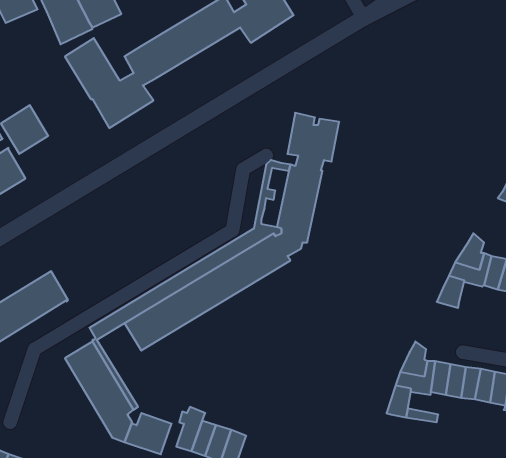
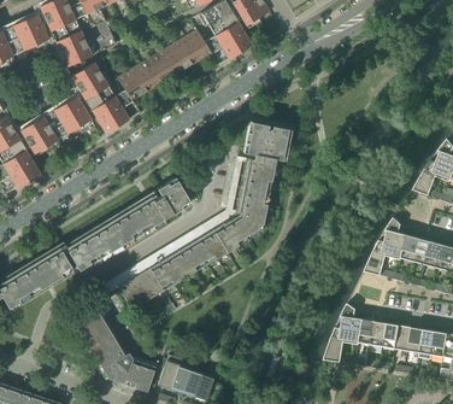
building: none -> [54,95,92,133]
building: none -> [66,178,192,269]

